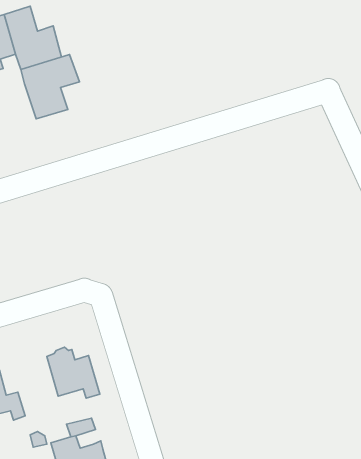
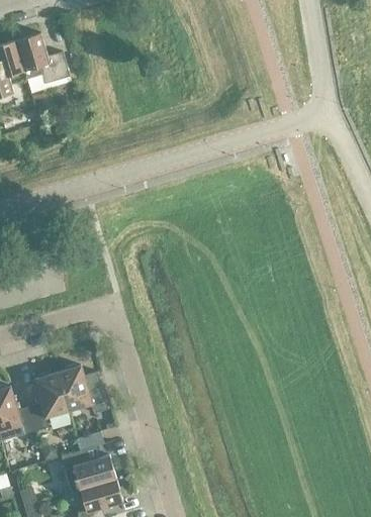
building: [21,55,80,119] -> none
building: none -> [27,374,67,431]

